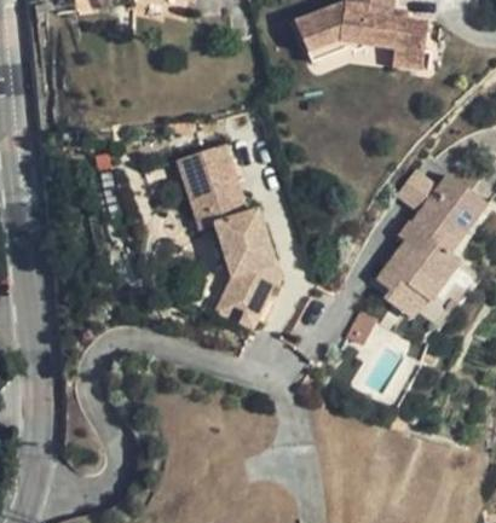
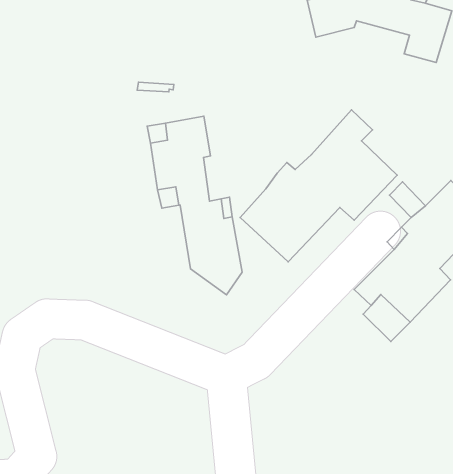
building: none -> [240,110,397,262]
building: [215,279,267,330] -> none

